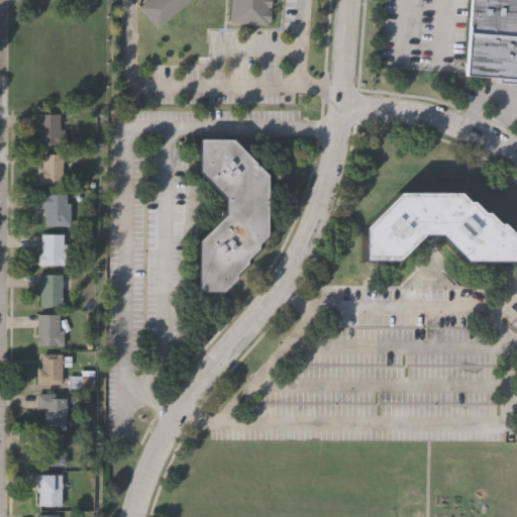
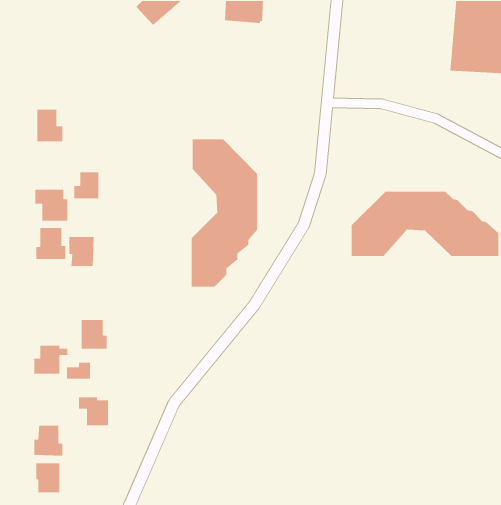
building: [39,154,66,183] -> [74,171,99,199]
building: [39,272,66,303] -> [69,236,94,267]
building: [39,312,67,343] -> [81,319,107,350]
building: [39,393,71,423] -> [78,397,109,426]

